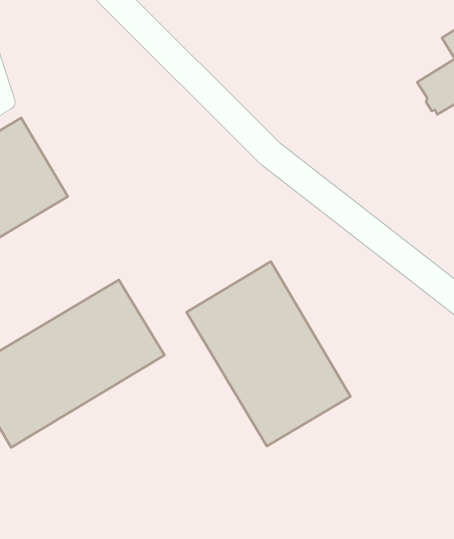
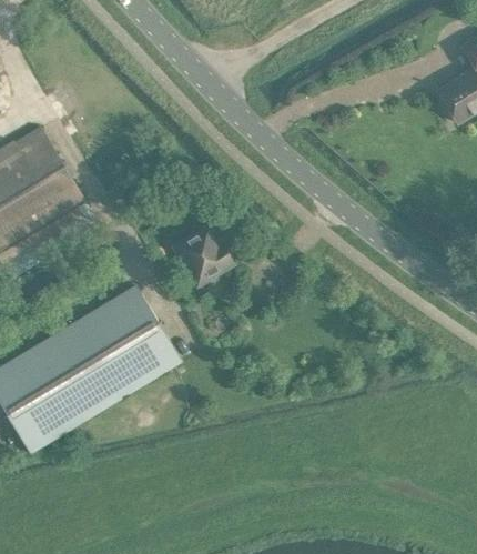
building: none -> [172,224,232,283]
building: [186,262,350,446] -> none

